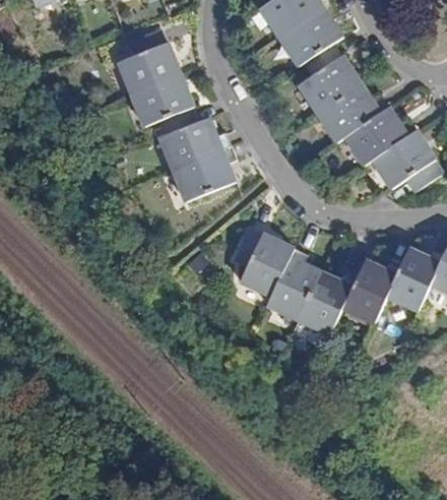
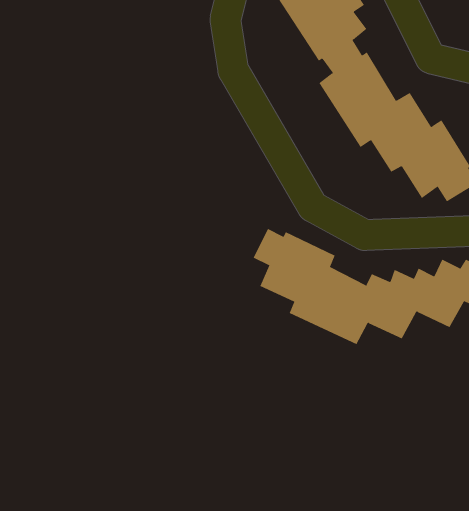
building: [118,23,239,194] -> none

